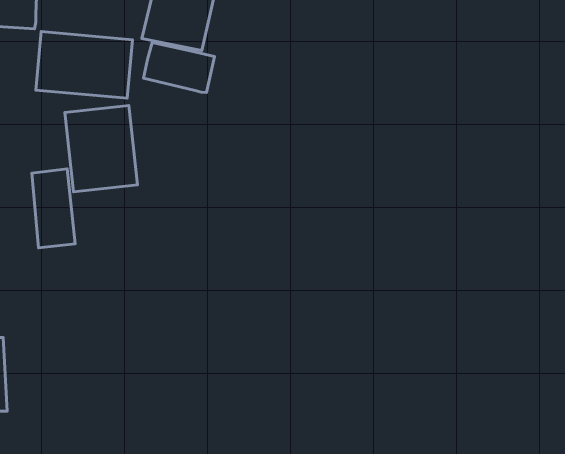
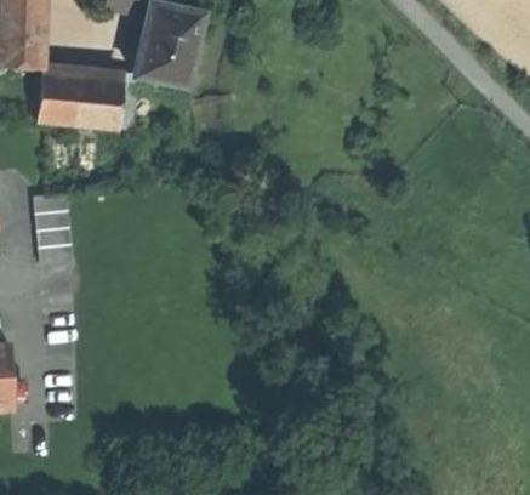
building: [143,42,214,92] -> none
building: [65,105,137,192] -> none

